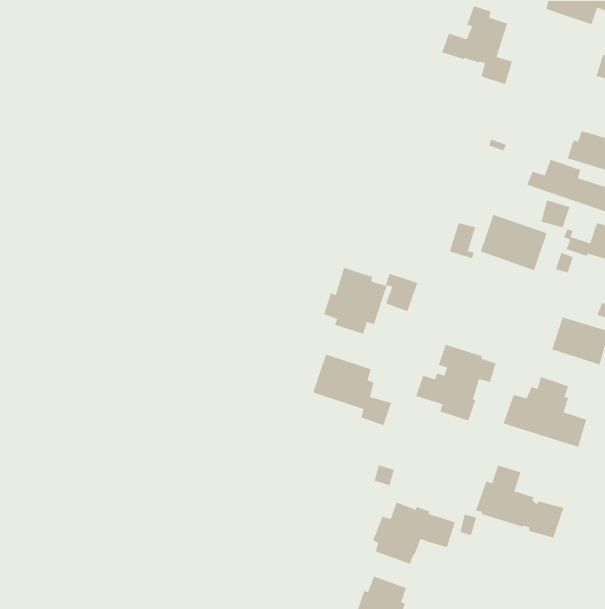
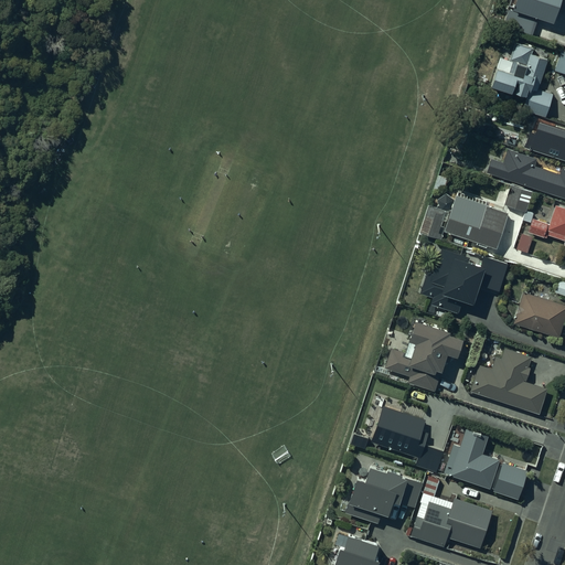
building: [441,5,513,85] -> [486,43,552,117]
building: [323,267,419,335] -> [423,250,511,313]
building: [312,353,392,426] -> [371,406,445,473]
building: none -> [411,499,490,547]

